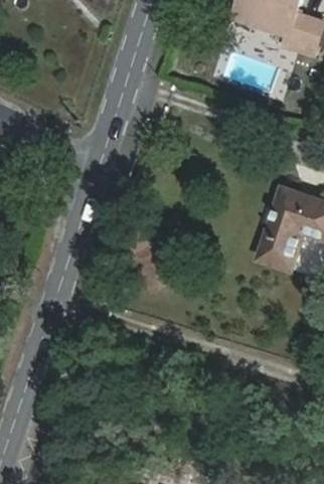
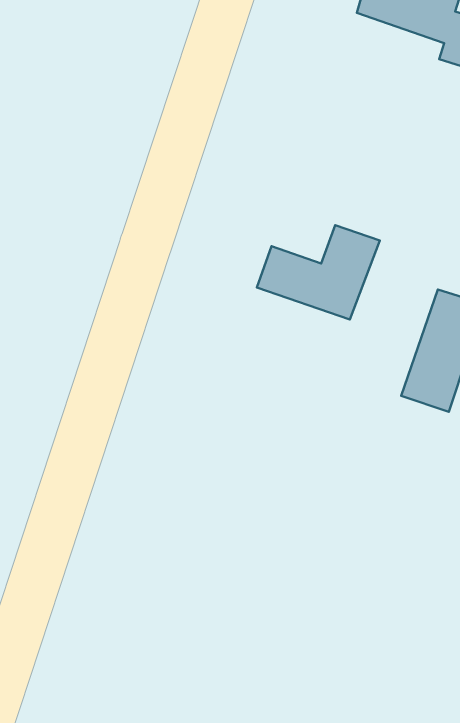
building: none -> [257,225,380,319]

